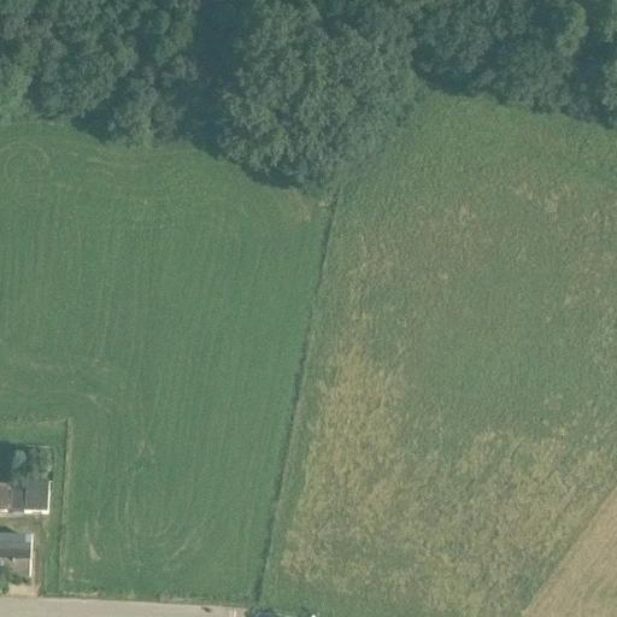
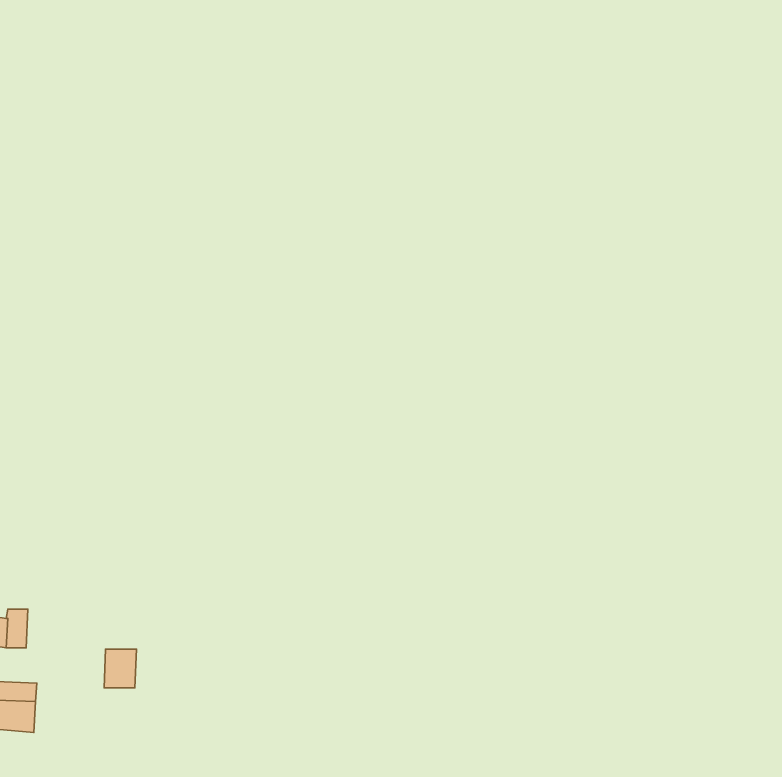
building: [20,477,46,507] -> [104,649,136,688]

